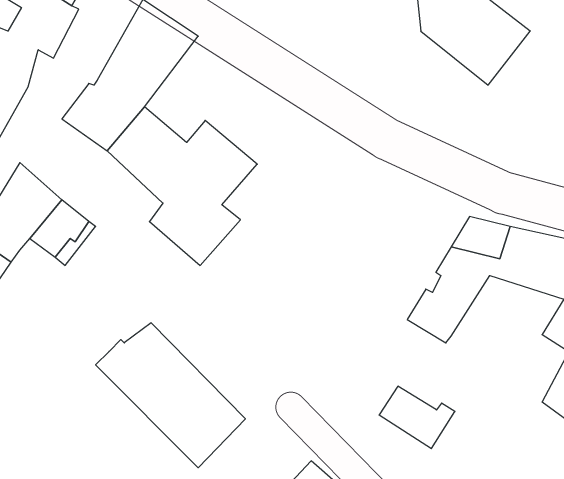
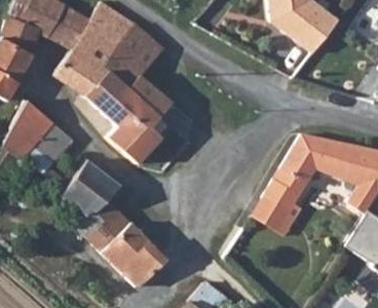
building: none -> [48,7,92,50]
building: none -> [104,24,164,88]
building: none -> [60,159,120,216]
building: [379,386,455,449] -> [253,196,299,234]

